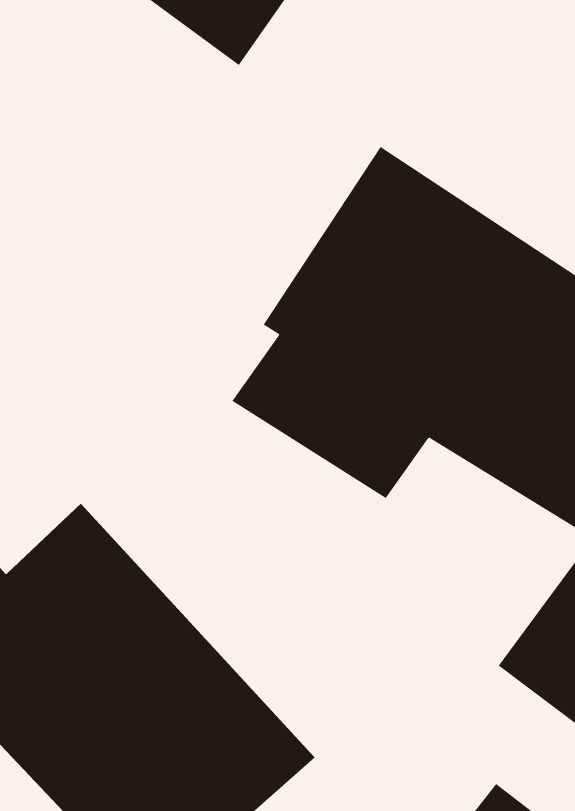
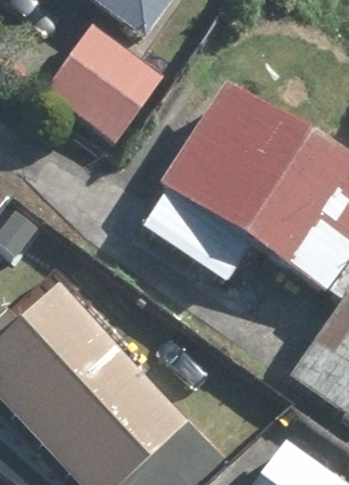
building: none -> [47,23,165,139]

